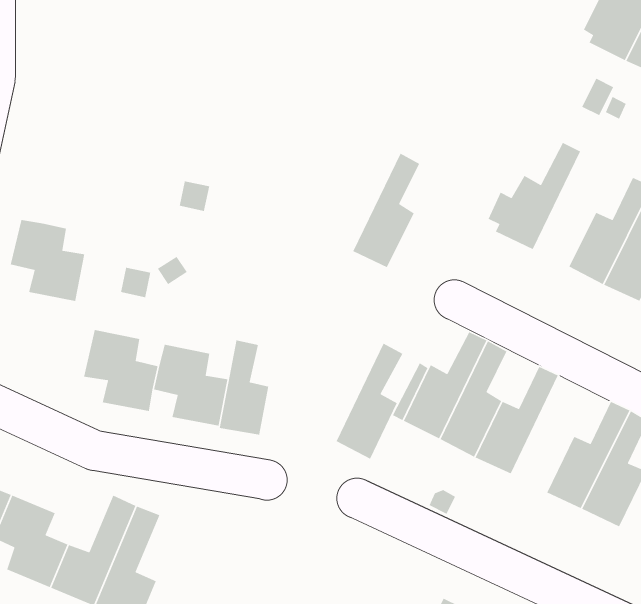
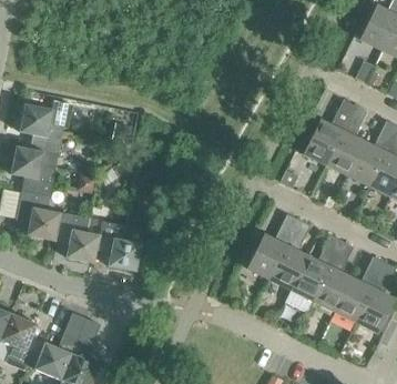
building: none -> [19,104,64,154]
building: [352,152,420,268] -> [326,105,367,175]
building: none -> [16,191,61,242]
building: [219,339,269,436] -> none
building: [335,342,403,460] -> [313,241,354,312]

